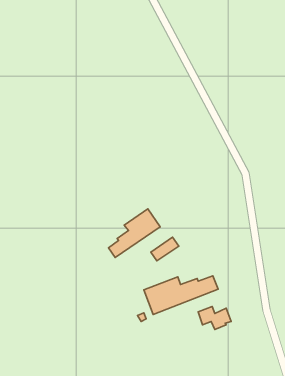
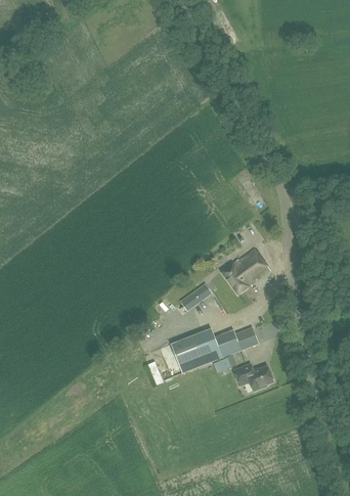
building: none -> [221,247,270,294]
building: [109,209,160,257] -> none

